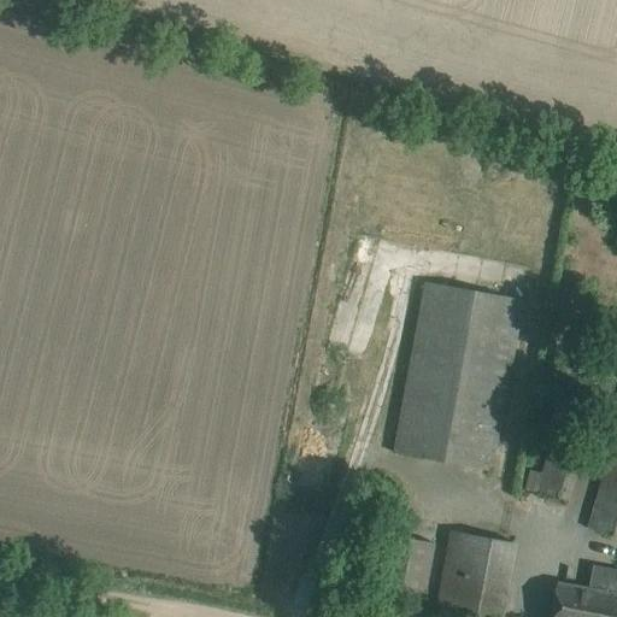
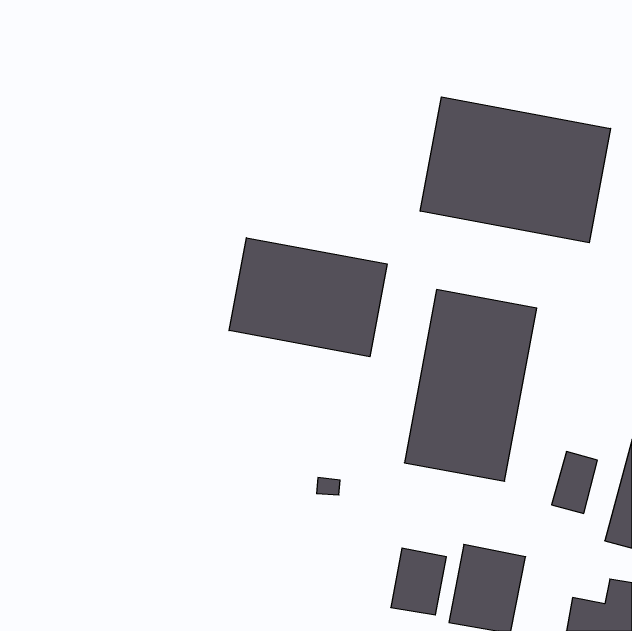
building: none -> [420,97,611,243]
building: none -> [229,238,387,357]

